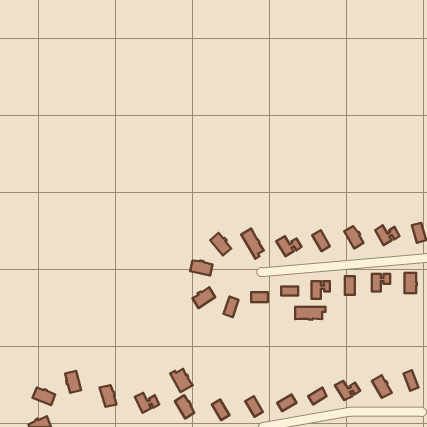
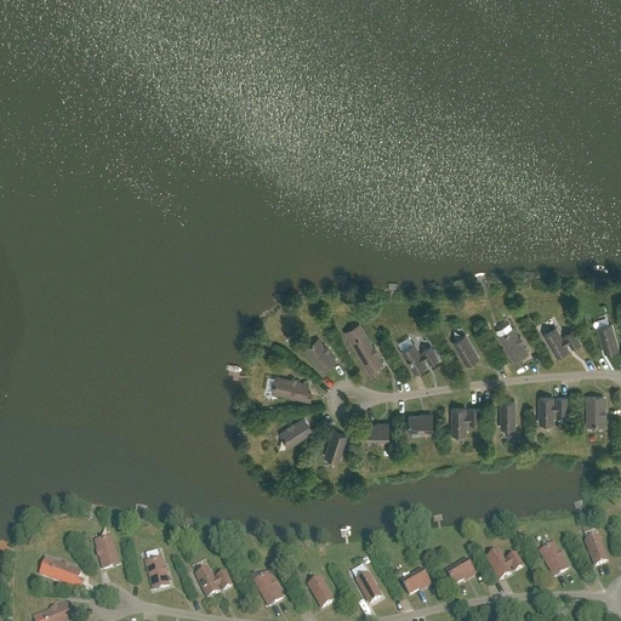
building: [295,307,325,320] -> none
building: [170,369,193,392] -> none

